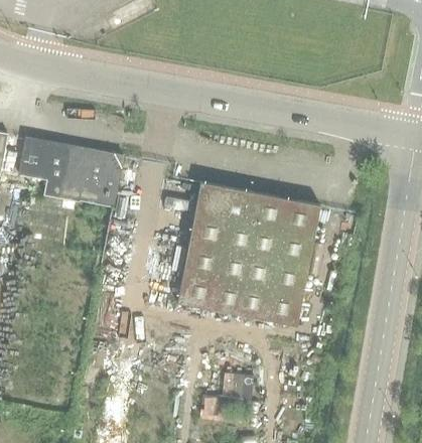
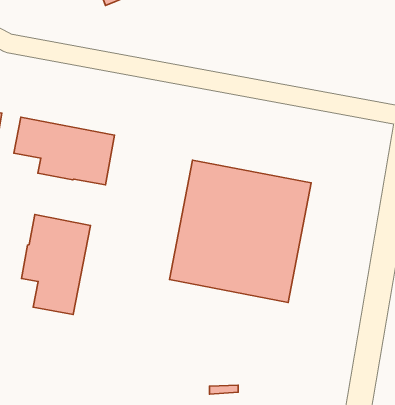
building: none -> [22,214,90,315]

